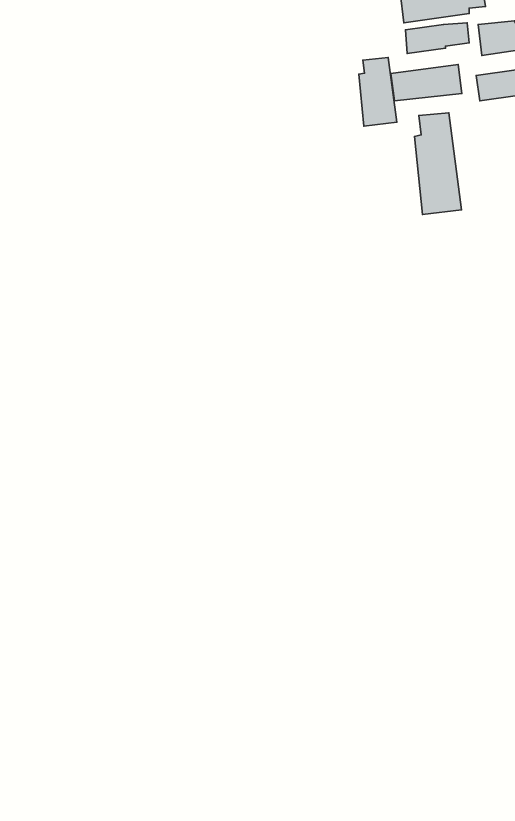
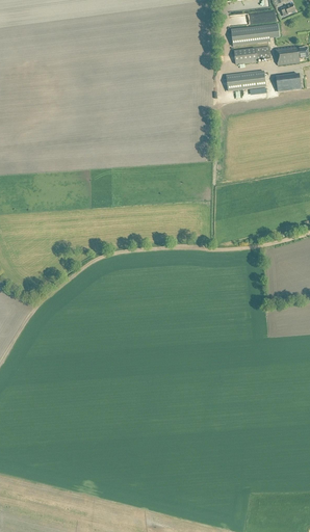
building: [359,58,397,126] -> none
building: [415,113,462,215] -> none

